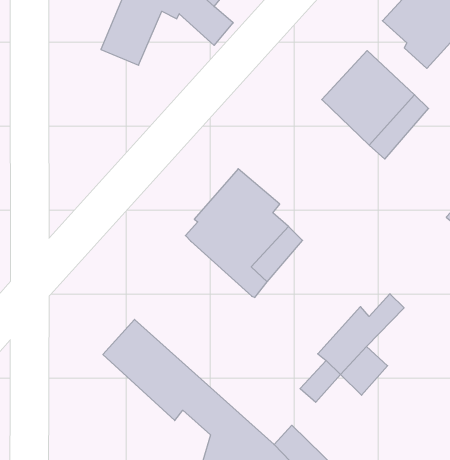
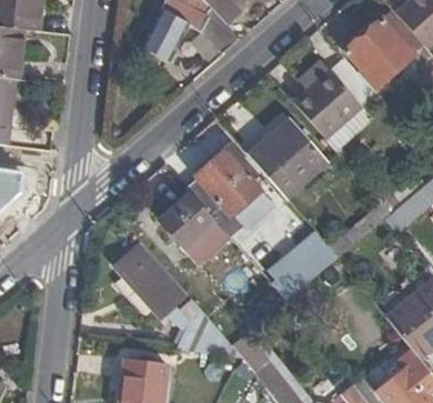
building: none -> [248,118,326,197]
building: none -> [158,191,229,263]

